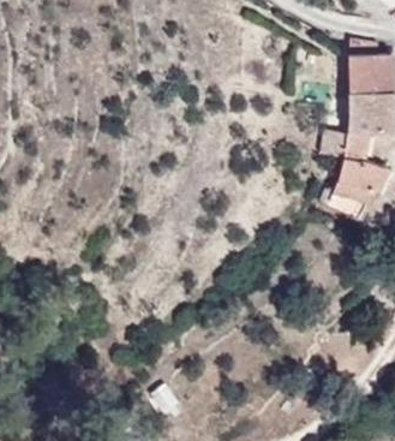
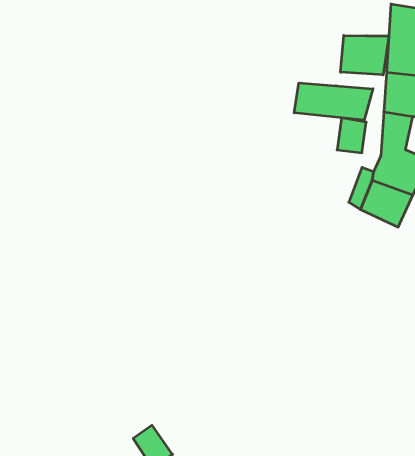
building: none -> [341,35,389,75]
building: none -> [294,83,373,120]

